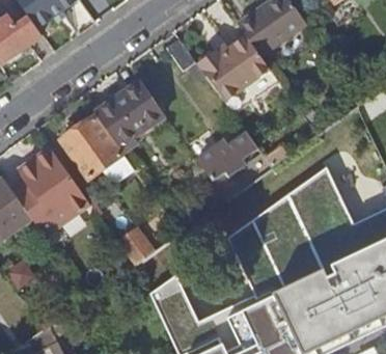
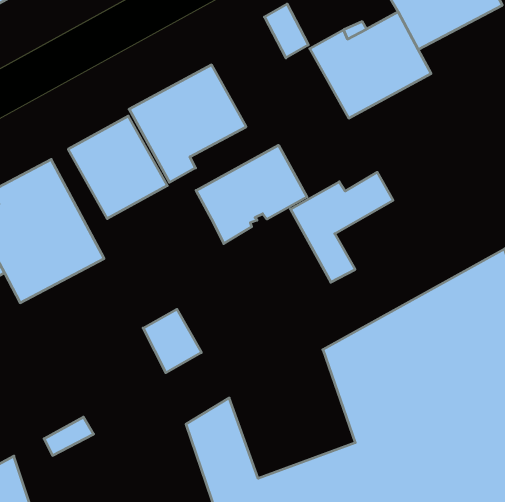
building: none -> [196,145,307,244]

